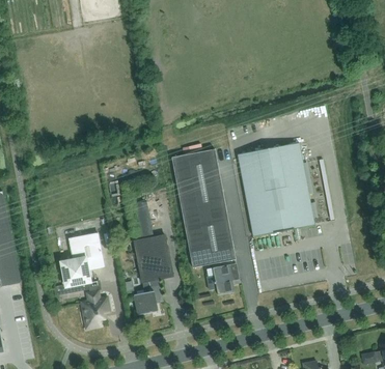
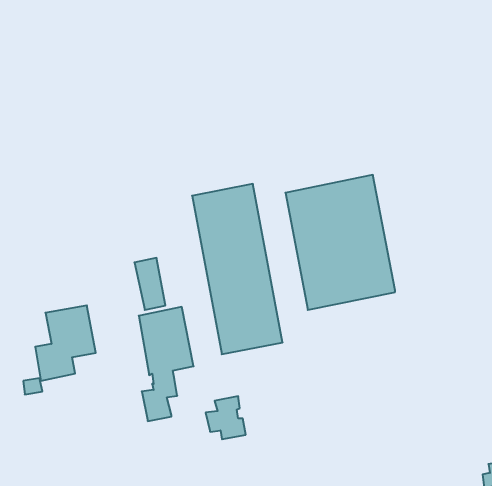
building: [205,264,233,294] -> [206,396,246,439]
building: [81,291,108,327] -> none

